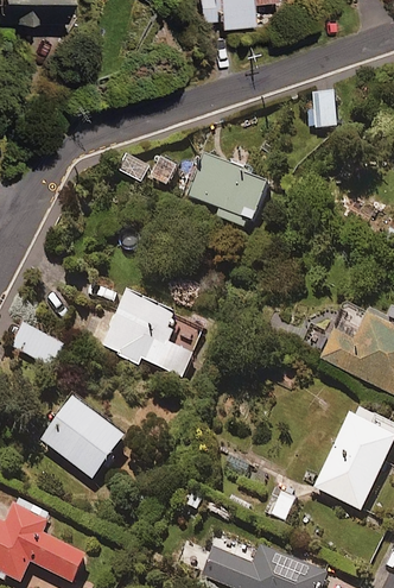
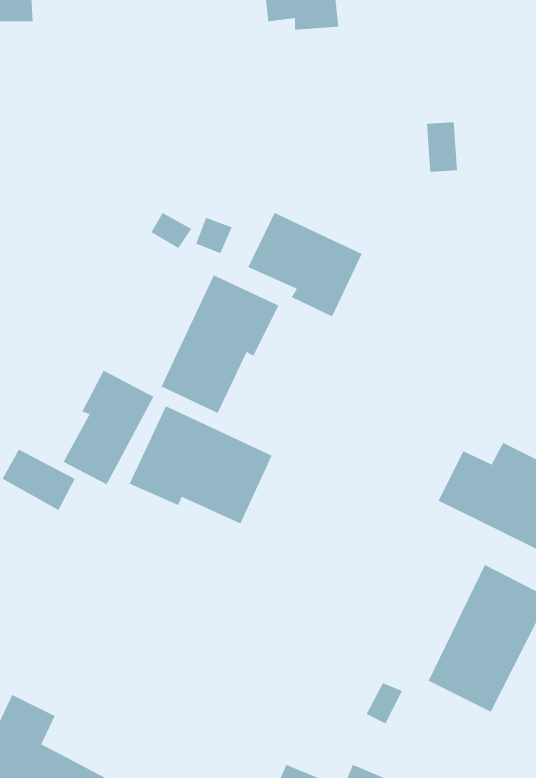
building: none -> [161,274,279,414]
building: none -> [63,370,154,485]
building: [40,398,123,479] -> none

